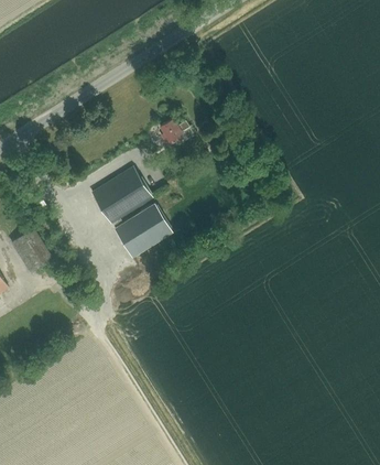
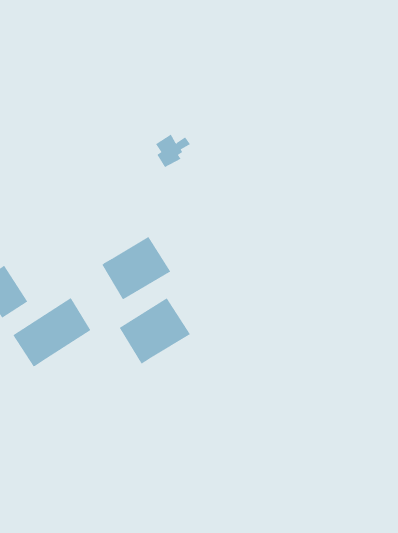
building: [93,166,153,223] -> [119,298,191,364]
building: none -> [13,297,91,367]

